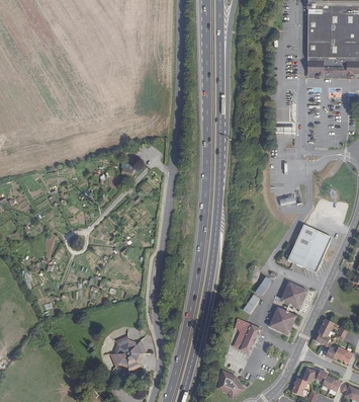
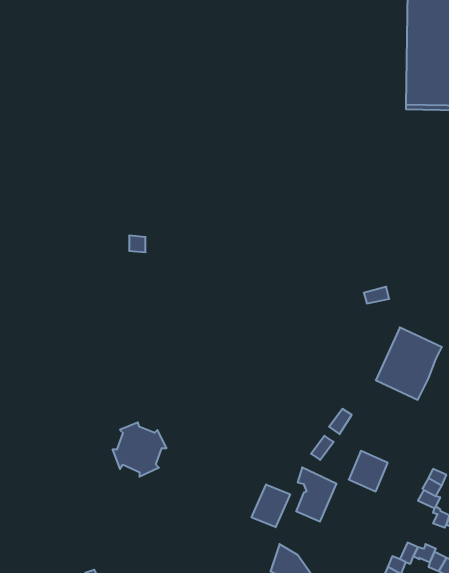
building: [280,282,306,309] -> none
building: none -> [252,484,290,527]
building: [110,335,147,372] -> [112,422,167,477]

